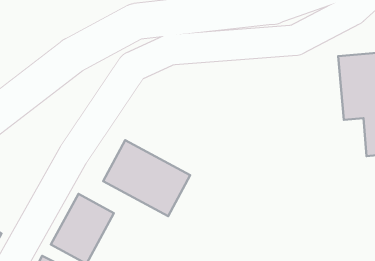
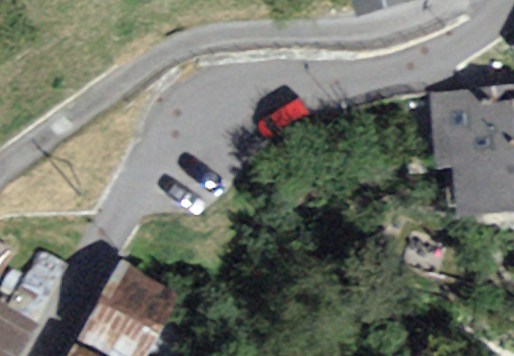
building: [103,140,190,216] -> none

